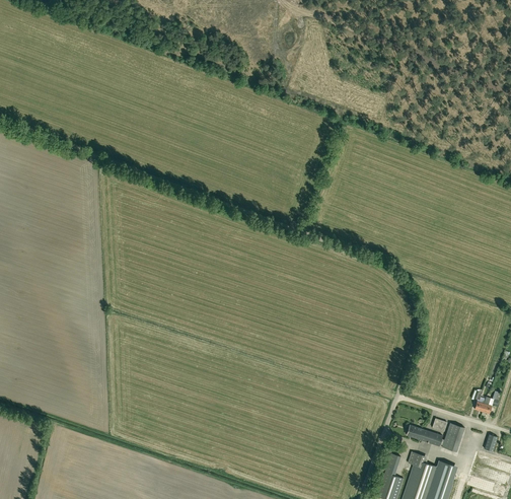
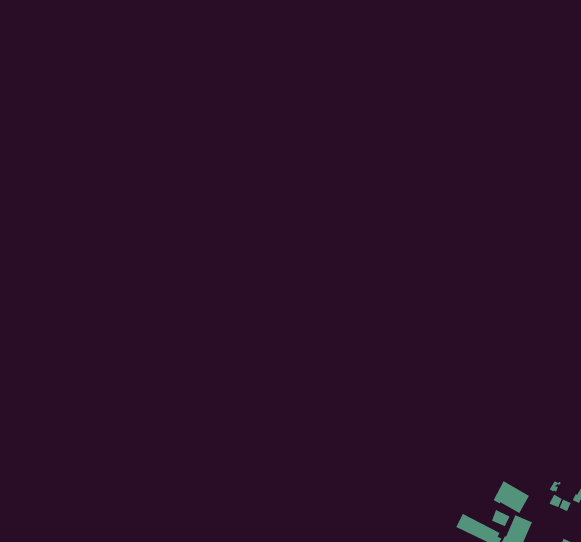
building: none -> [493,480,530,514]

